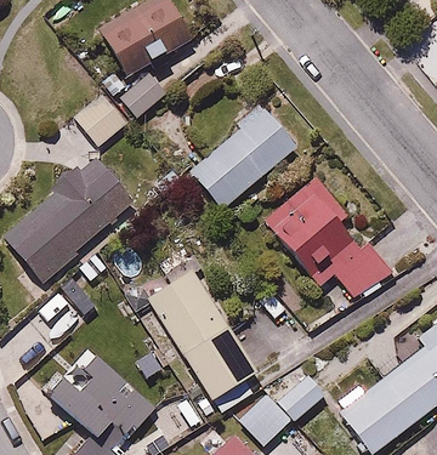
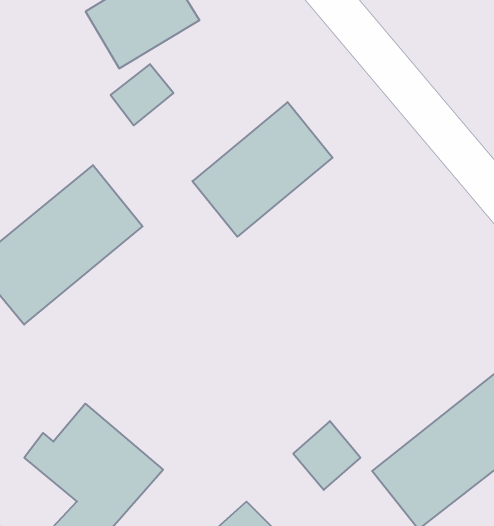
building: [75,96,130,150] -> none
building: [260,176,393,303] -> none
building: [144,268,256,402] -> none
building: [238,393,293,448] -> none

